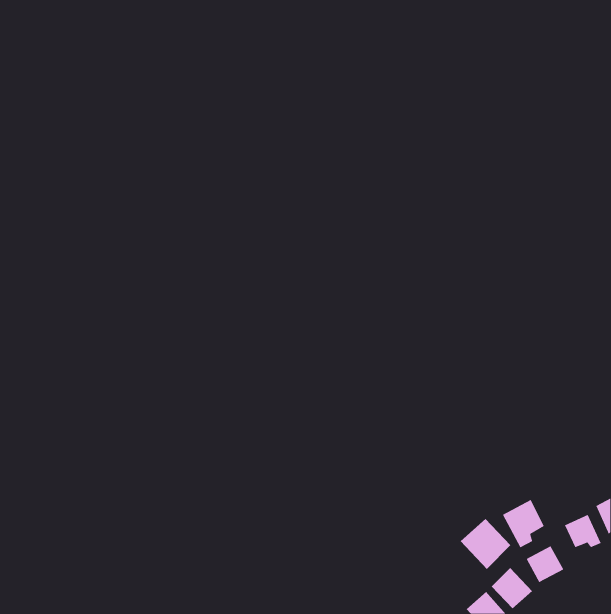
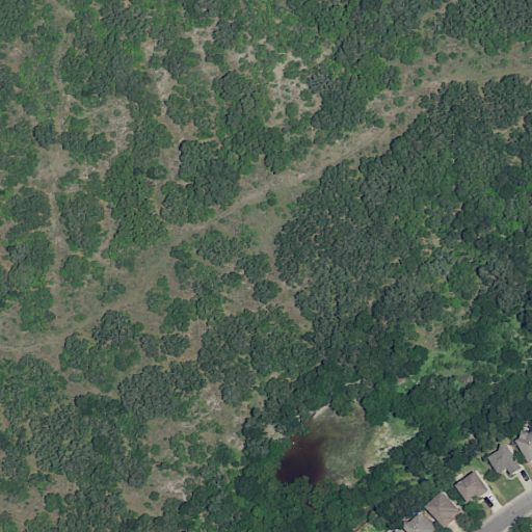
building: [502,499,545,548] -> none
building: [460,518,511,570] -> none

